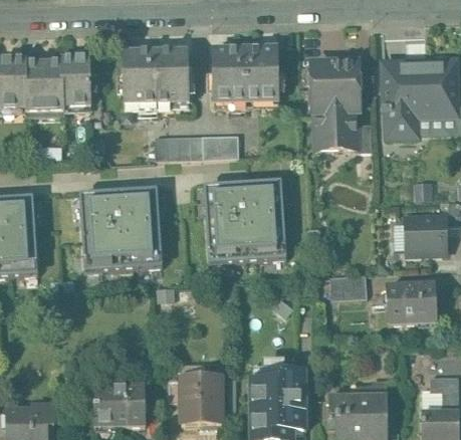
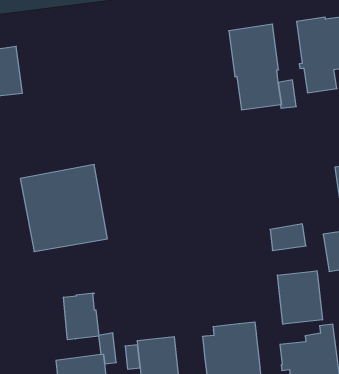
building: [212,46,278,100] -> none
building: [122,49,189,102] -> none
building: [154,132,239,158] -> none
building: [203,179,287,262] -> none
building: none -> [64,293,99,340]
building: none -> [277,271,322,324]

